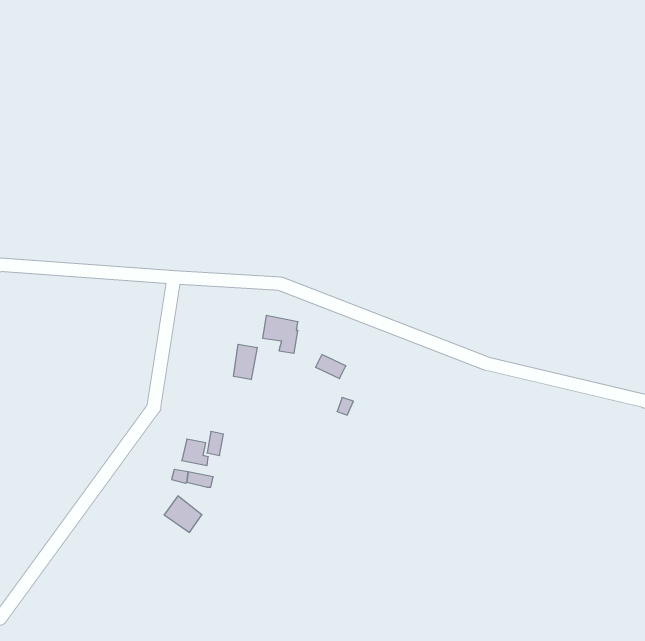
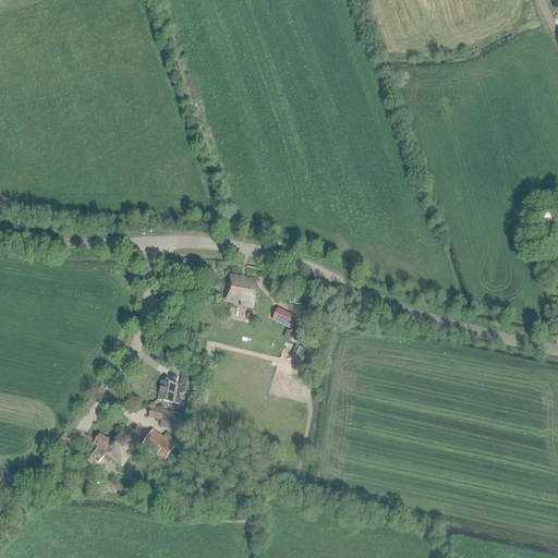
building: [234,344,257,380] -> none
building: none -> [89,429,138,463]

